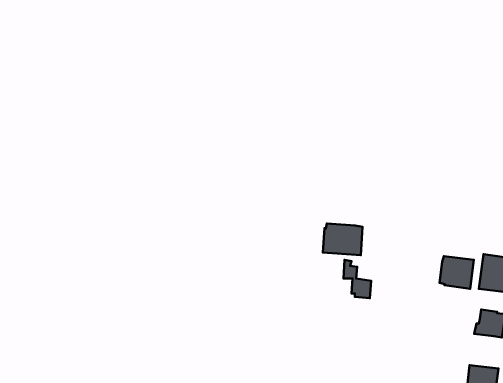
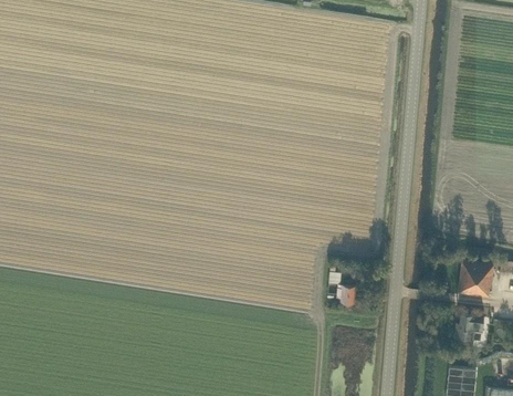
building: [323,224,362,255] -> none
building: [440,256,474,289] -> none

